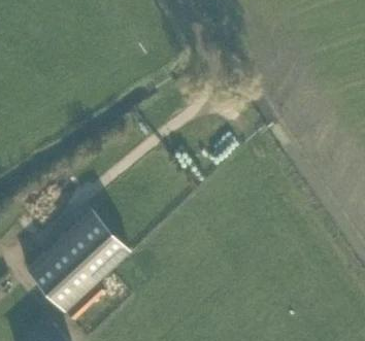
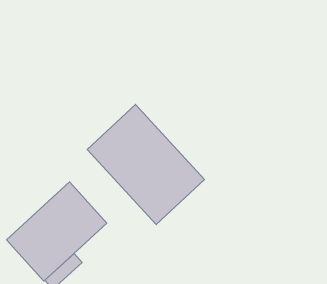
building: none -> [87,104,204,225]

